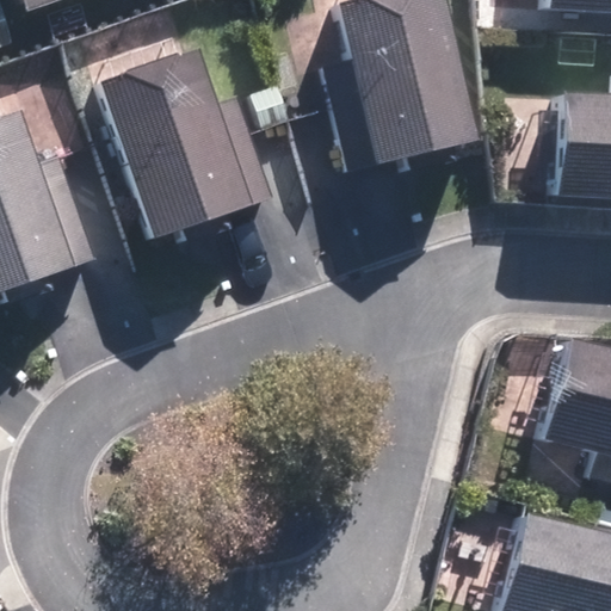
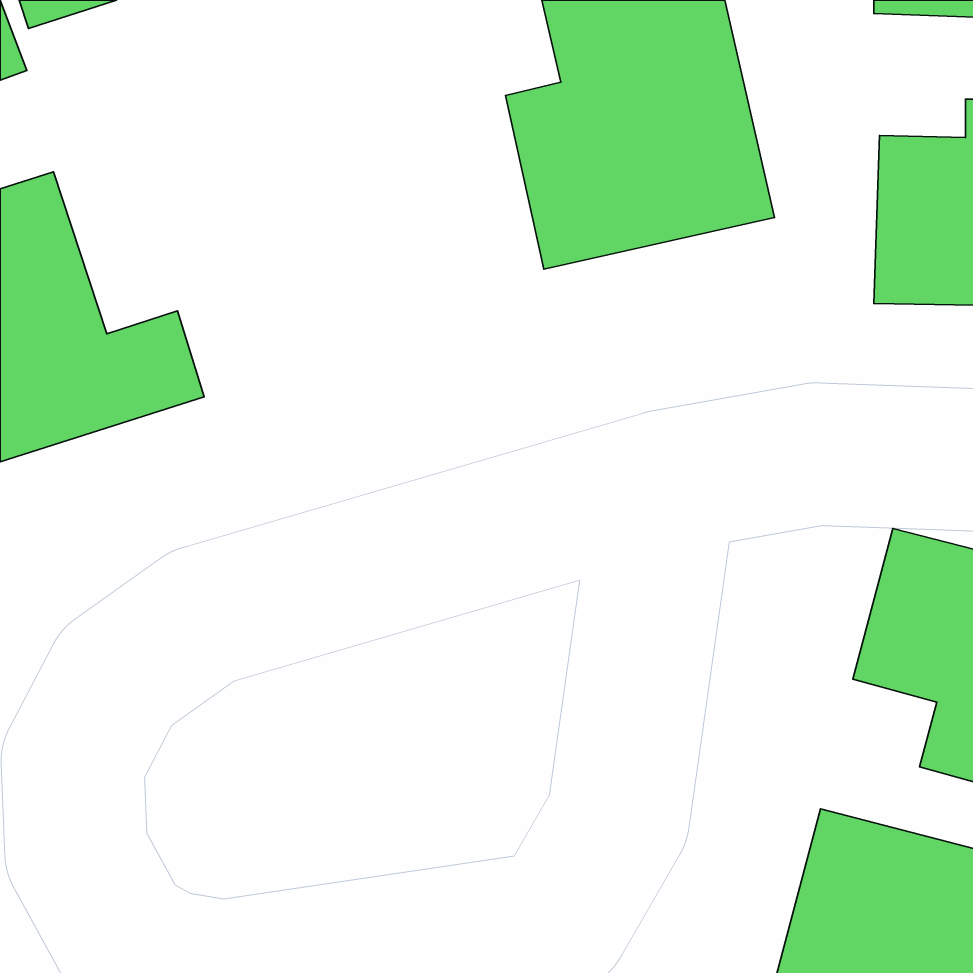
building: [97,55,263,240] -> none

